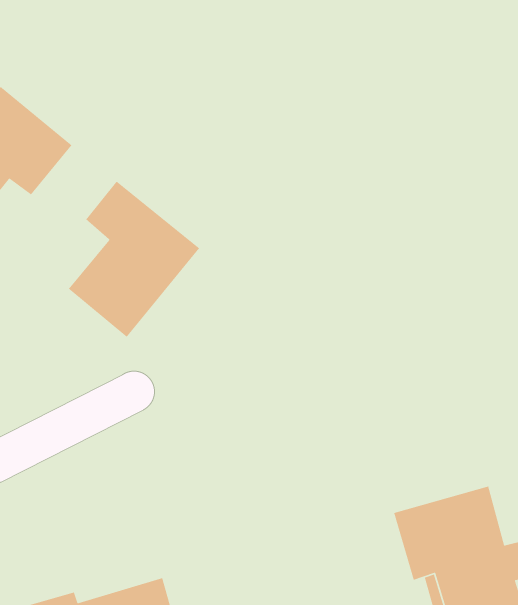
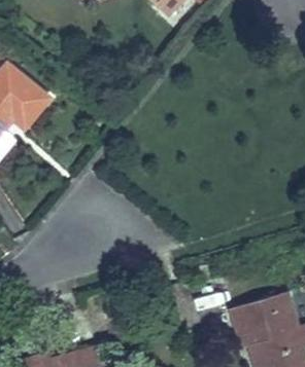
building: [68,181,200,338] -> none

